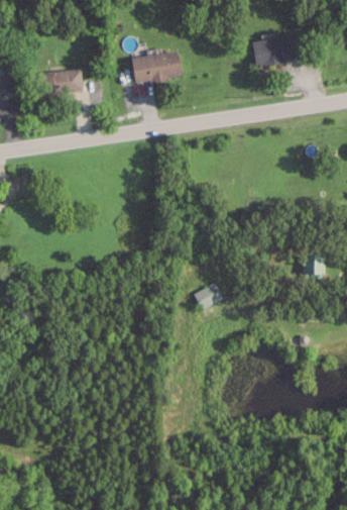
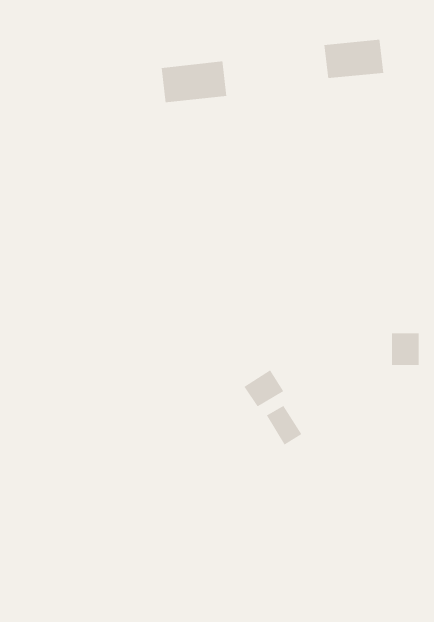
building: [39,70,82,93] -> none
building: none -> [266,405,302,446]

